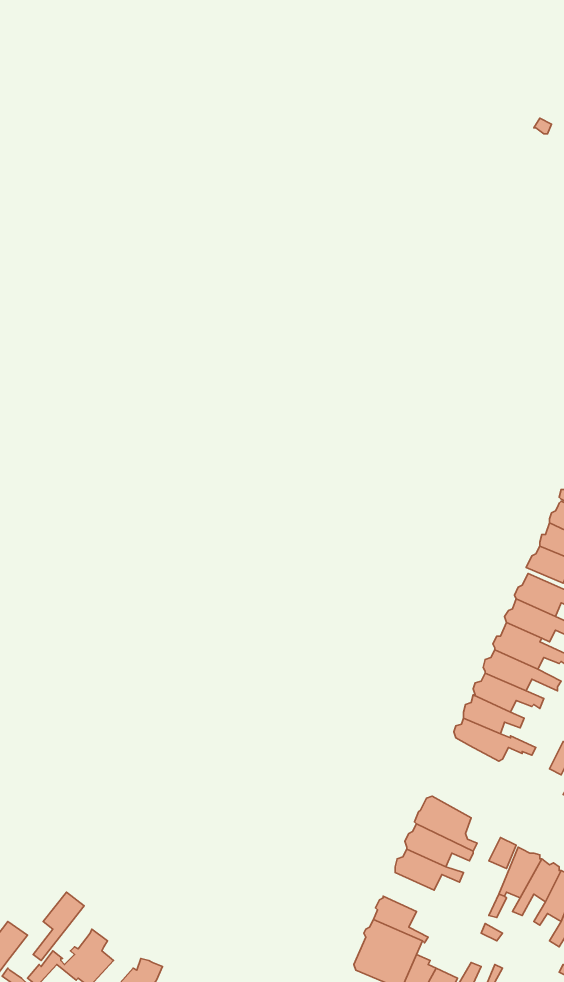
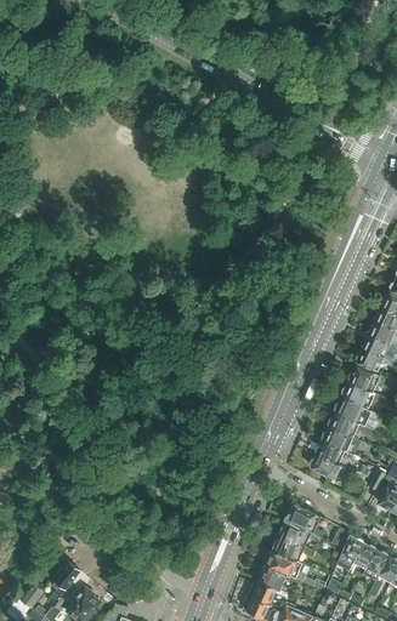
building: none -> [266,551,316,586]

